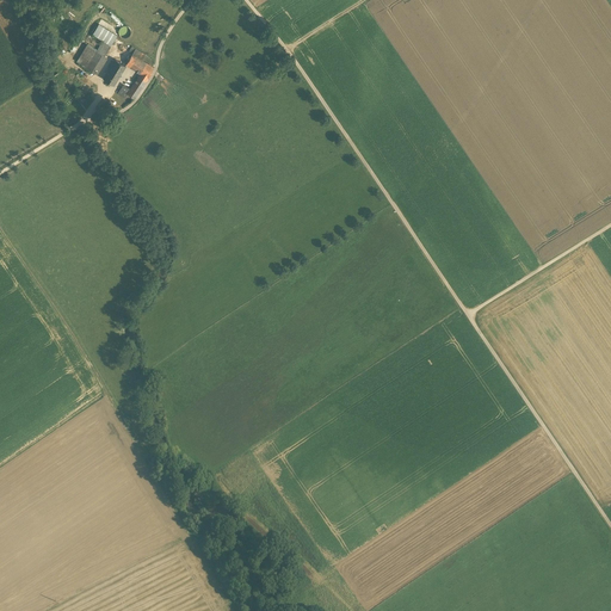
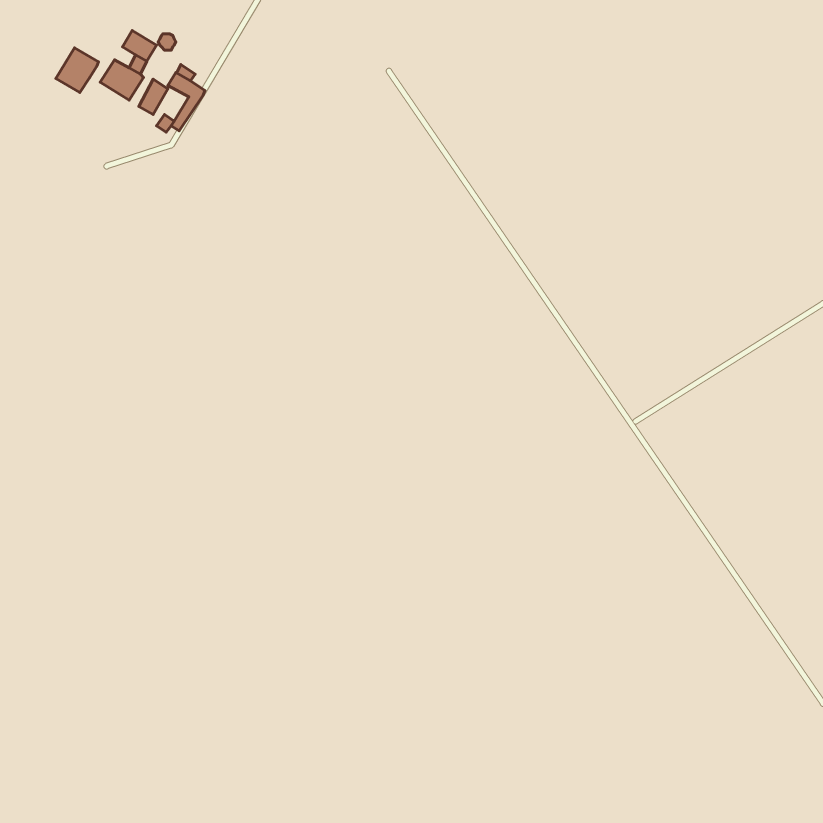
building: none -> [56,48,99,92]

